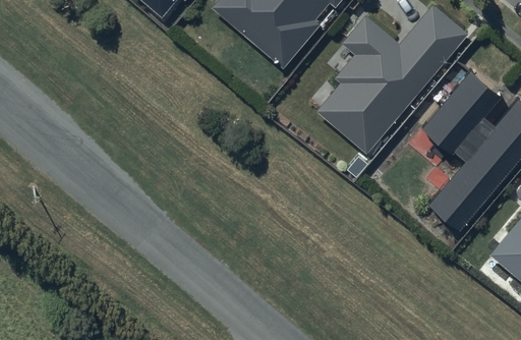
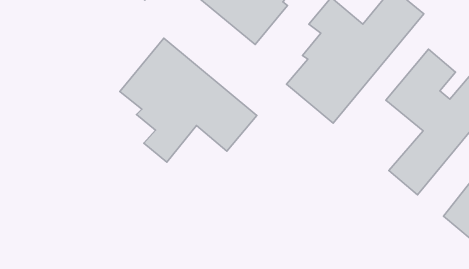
building: none -> [120,38,257,162]

